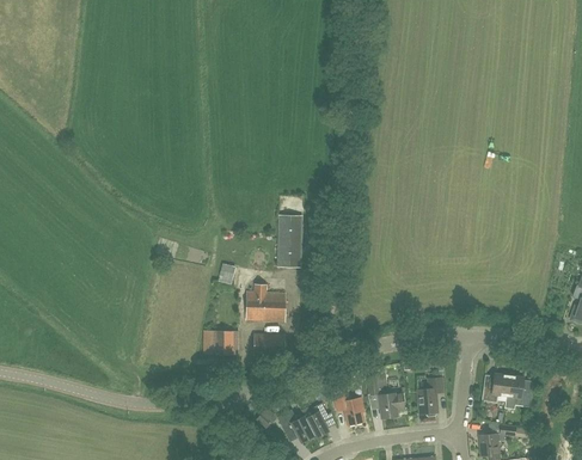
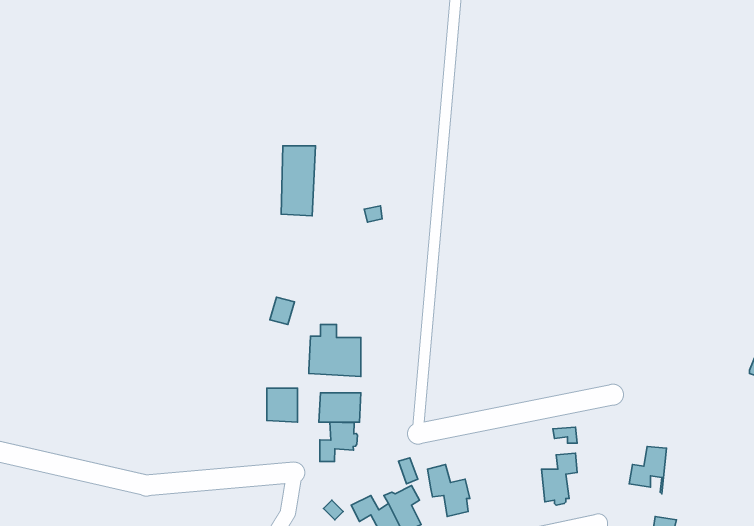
building: [277,215,302,266] -> [281,146,315,216]
building: none -> [320,422,357,462]
building: [366,374,404,417] -> none
building: [506,374,531,409] -> none

